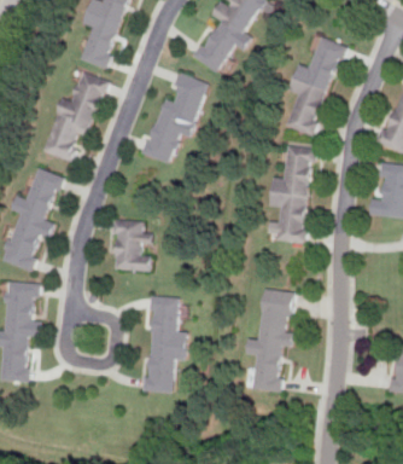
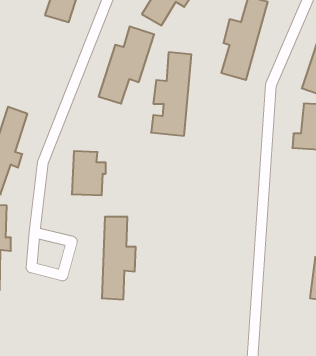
building: [42,71,107,161] -> none
building: [267,145,314,243] -> [151,52,191,136]
building: [246,288,294,392] -> none

